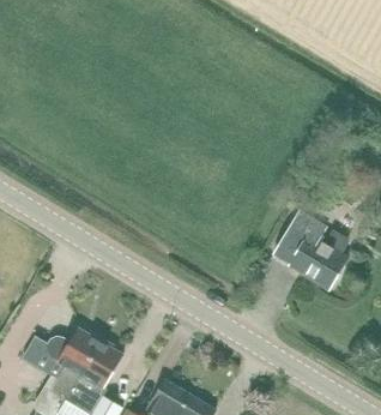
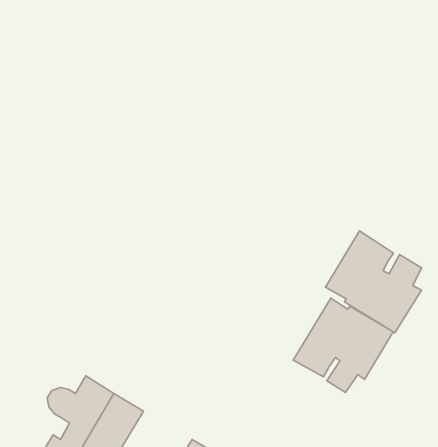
building: none -> [293,298,393,392]

